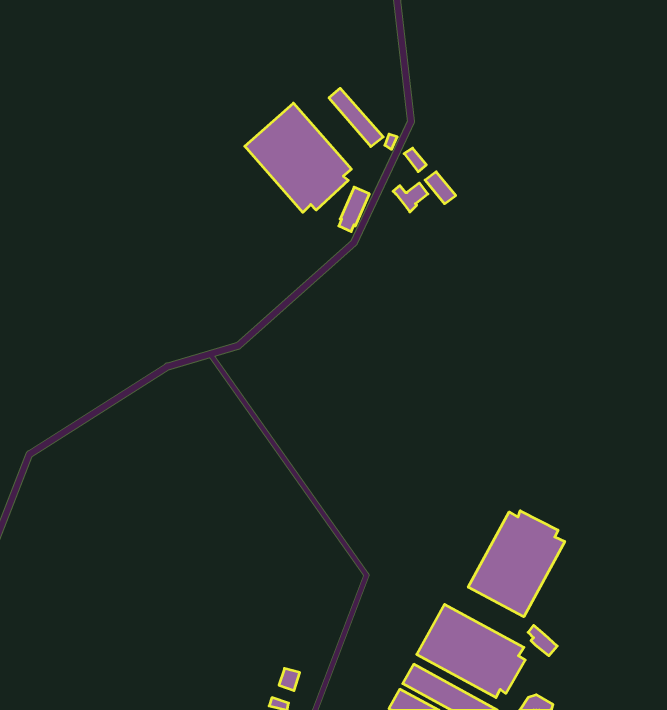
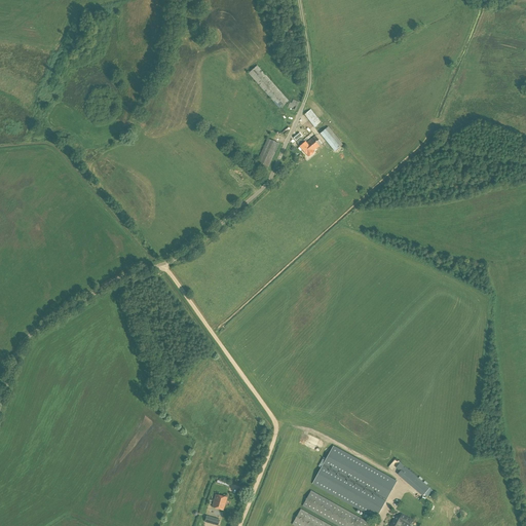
building: [245,103,351,212] -> none
building: [468,511,565,617] -> none

